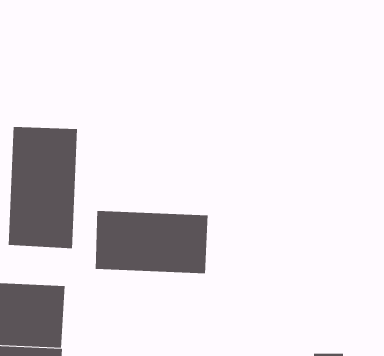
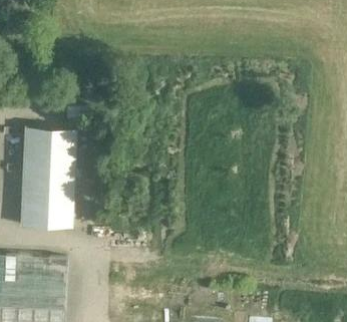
building: [95,210,208,274] -> none

